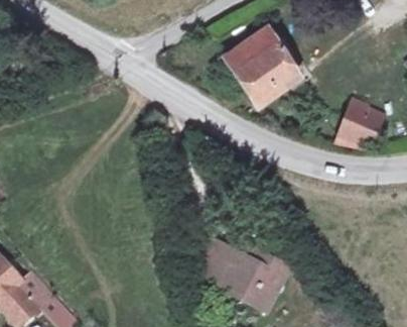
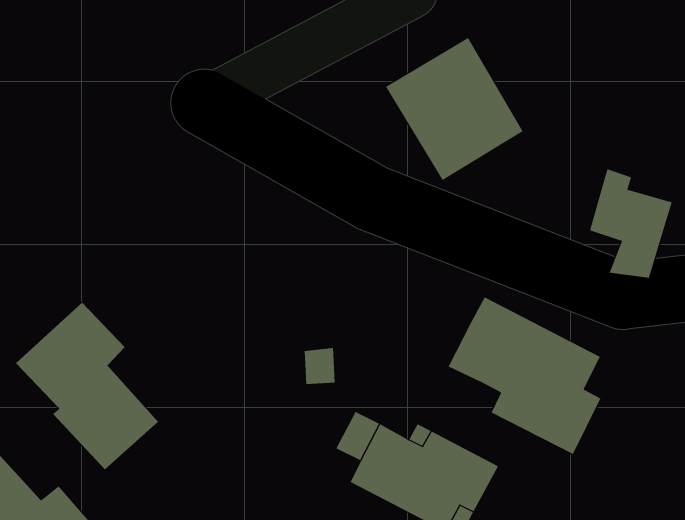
building: none -> [448,297,601,455]
building: none -> [15,302,159,470]

